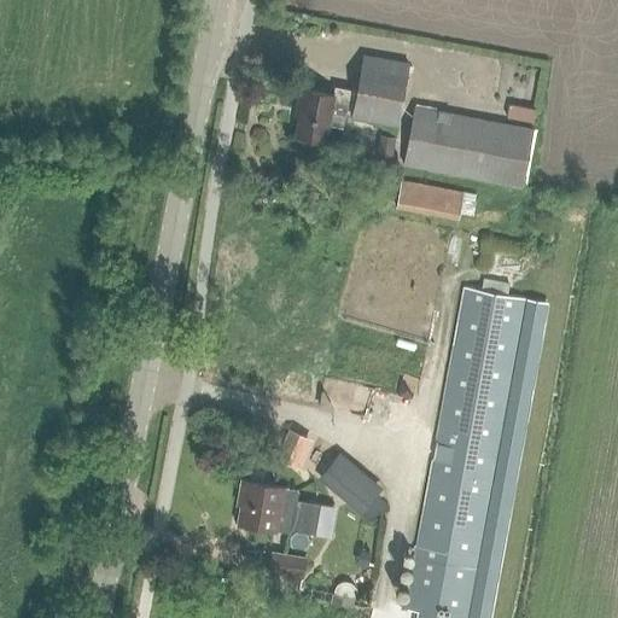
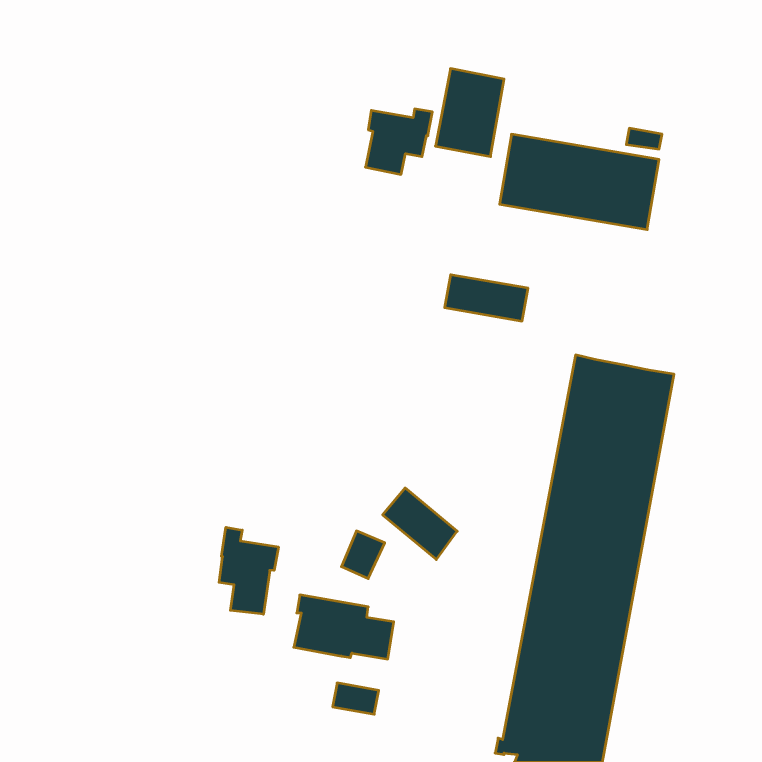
building: [397,182,465,220] -> [445,275,528,321]
building: none -> [219,527,278,614]
building: [317,456,378,514] -> [383,488,457,560]

